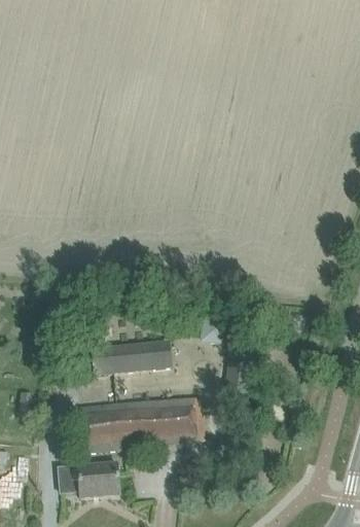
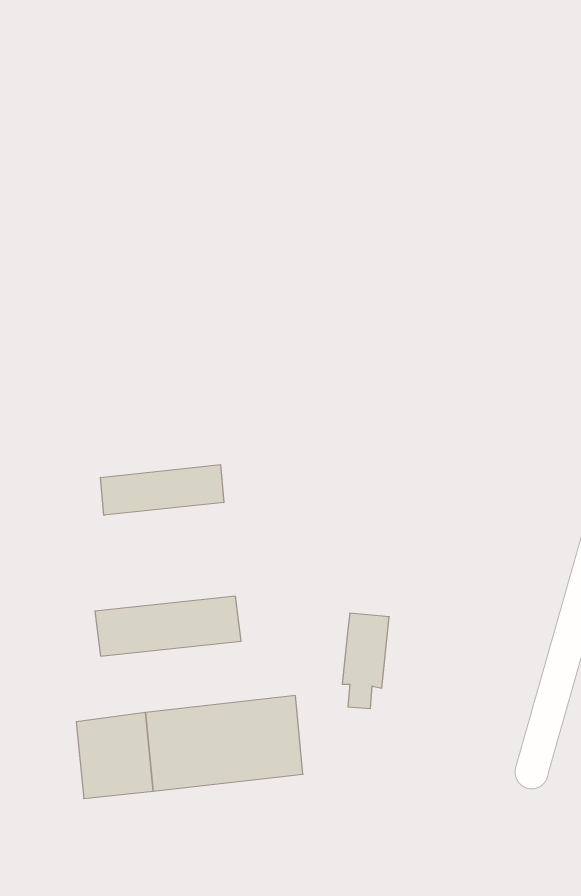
building: none -> [101,465,224,515]
building: [57,463,118,498] -> none

